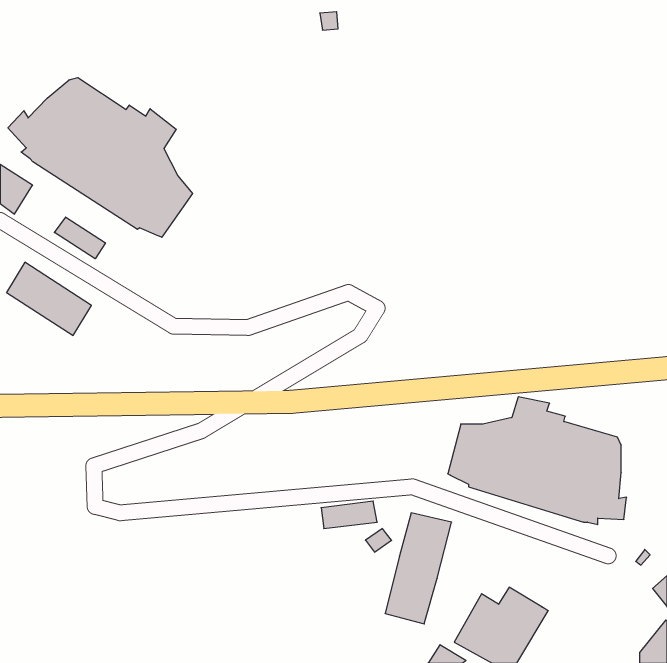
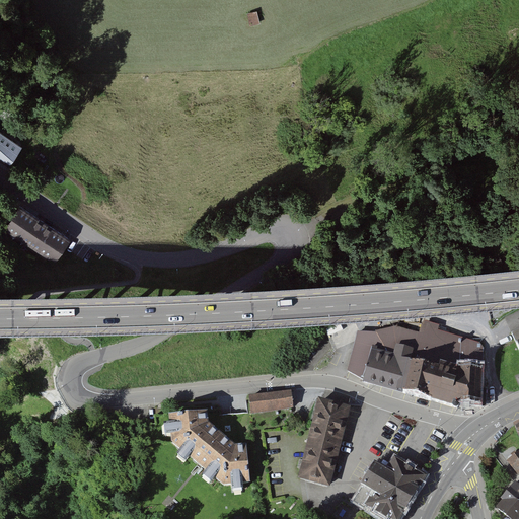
building: [8,78,193,237] -> none
building: [54,217,105,259] -> none
building: none -> [168,411,250,485]

